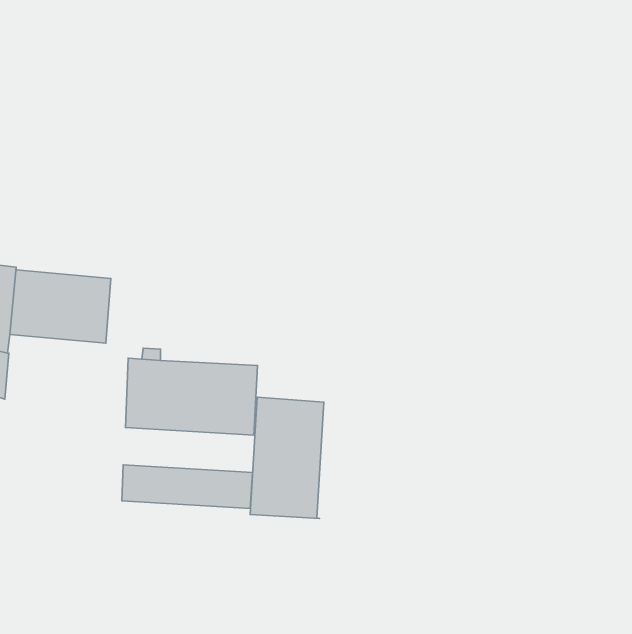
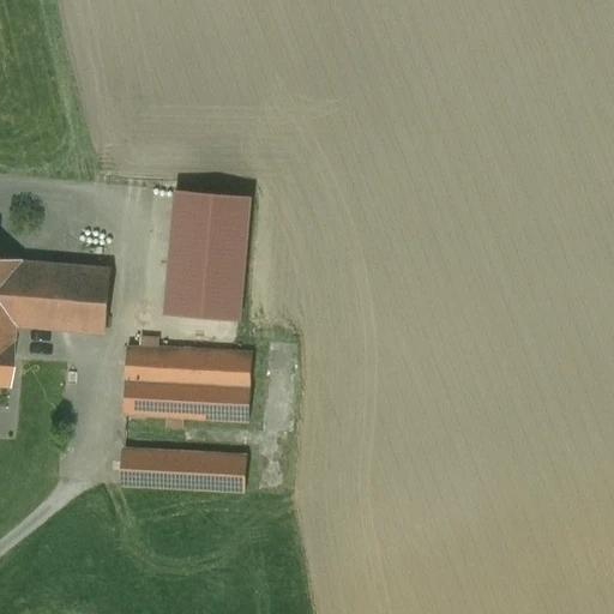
building: none -> [168,182,258,314]
building: [250,397,324,518] -> none

